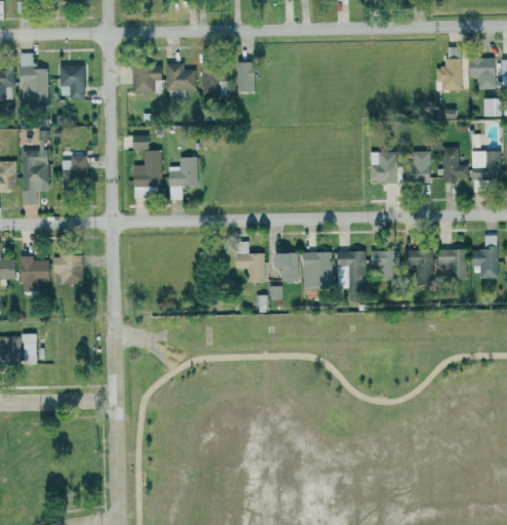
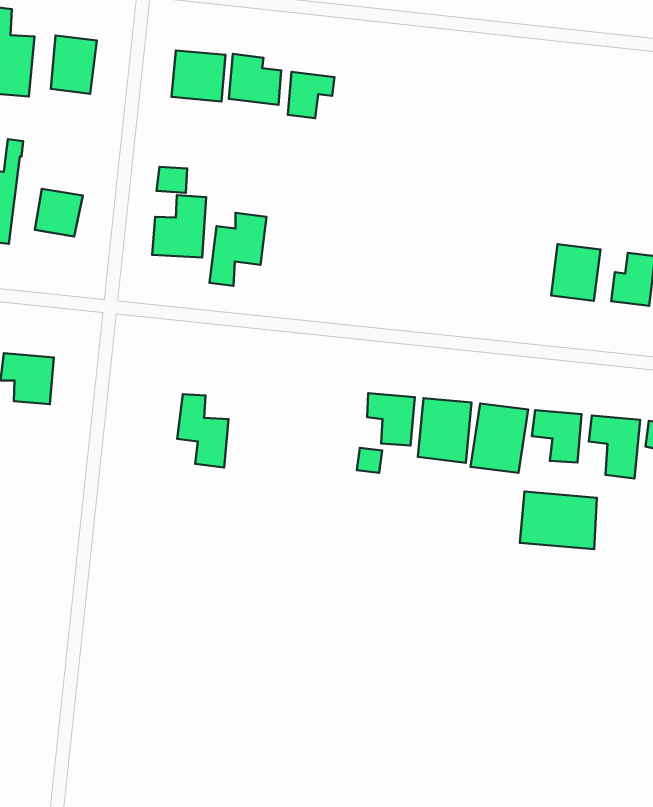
building: [236,63,252,92] -> none
building: [235,241,265,282] -> [177,394,229,467]
building: none -> [520,492,597,549]

